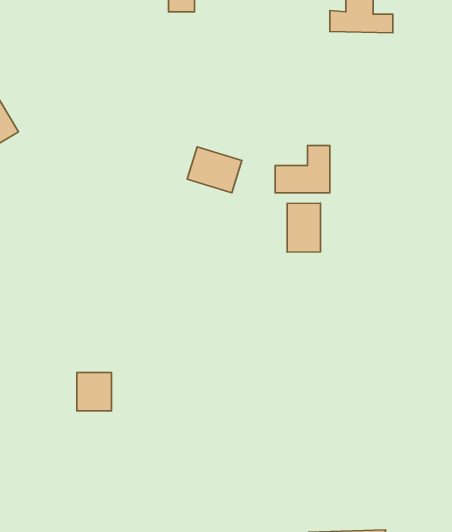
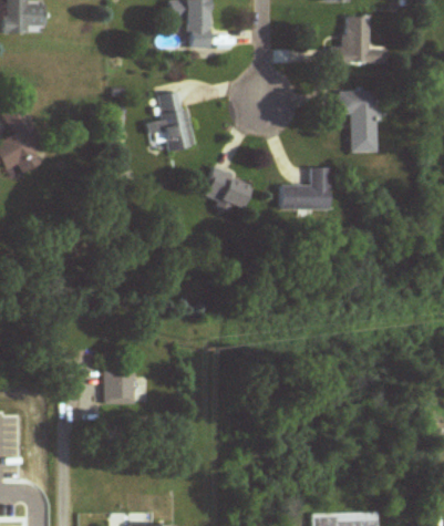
building: none -> [339,91,376,153]
building: none -> [147,93,194,149]
building: [287,203,321,252] -> none

